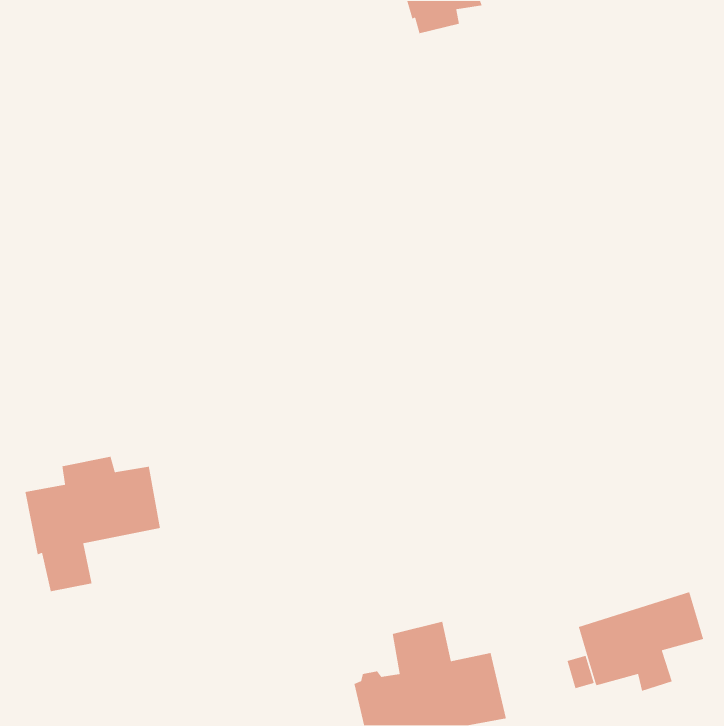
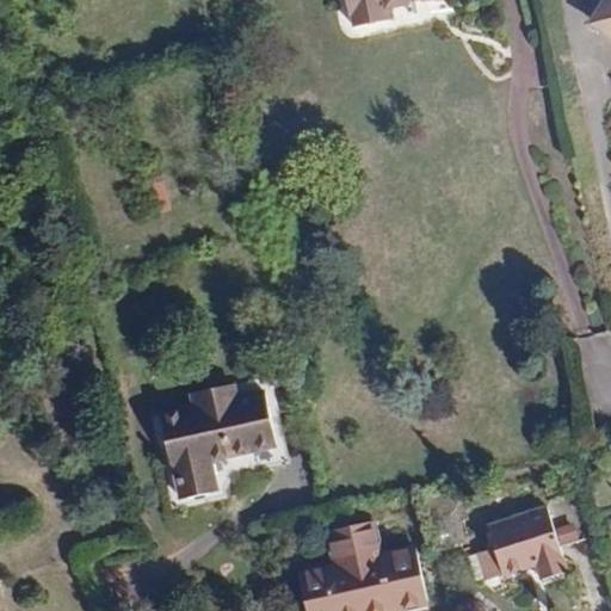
building: [25,456,161,592] -> [159,385,273,500]

